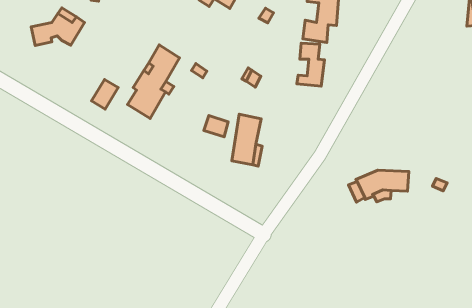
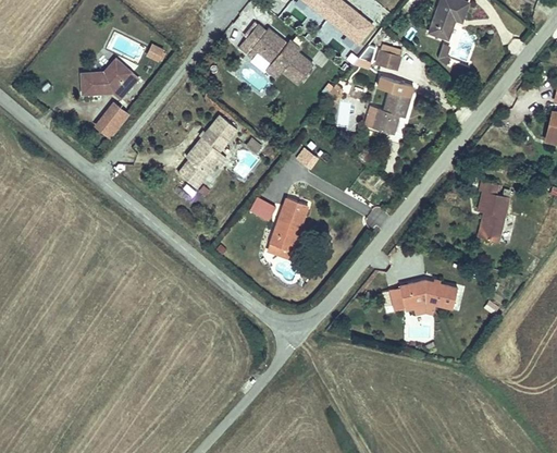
building: [297,43,324,86] -> none
building: none -> [478,177,513,242]
building: [92,80,118,109] -> [97,103,127,135]

